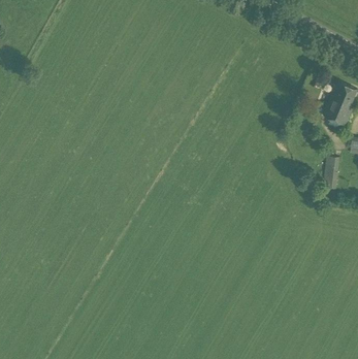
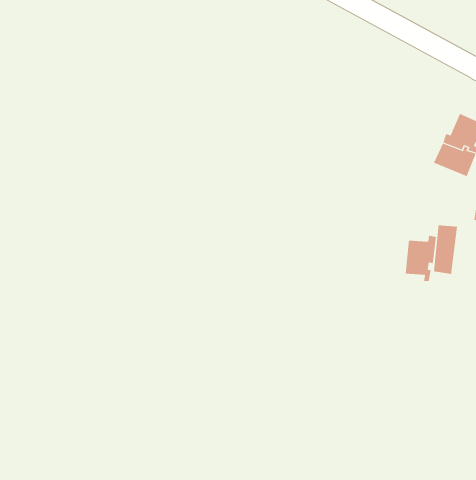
building: none -> [405,235,437,282]

